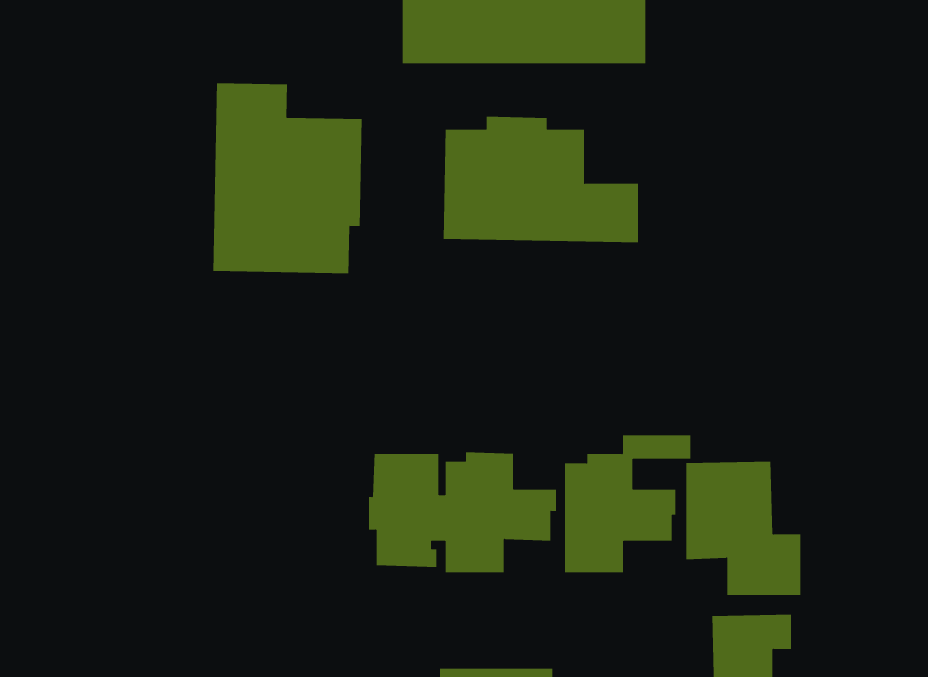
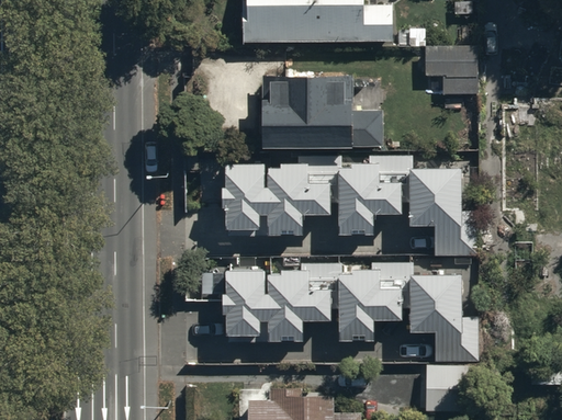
building: none -> [426,45,472,95]
building: [213,82,362,274] -> none
building: none -> [233,170,486,258]

